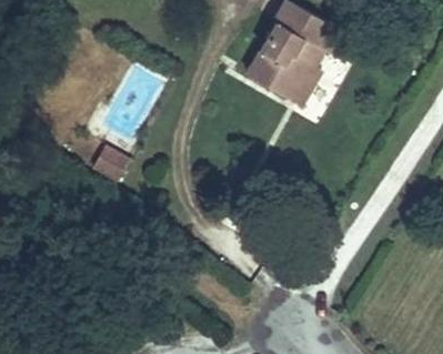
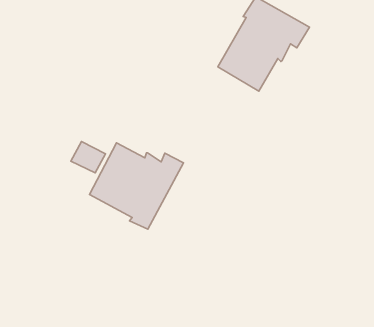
building: none -> [90,143,184,229]

